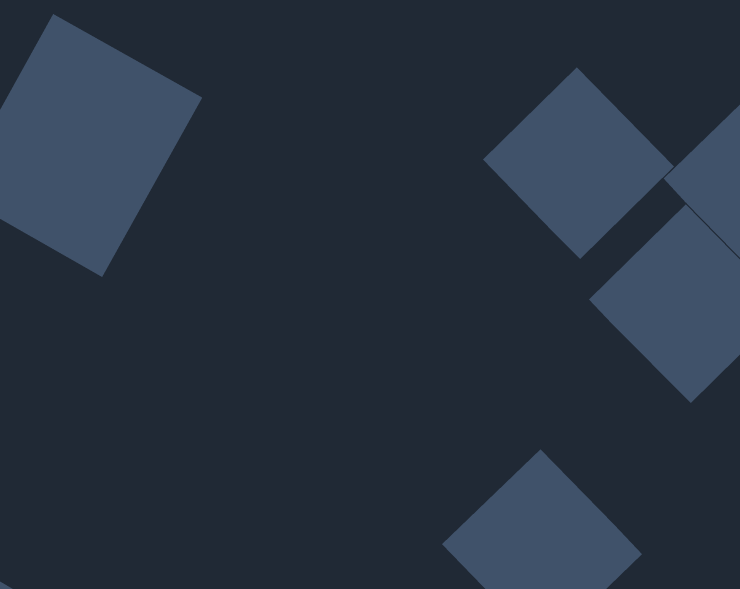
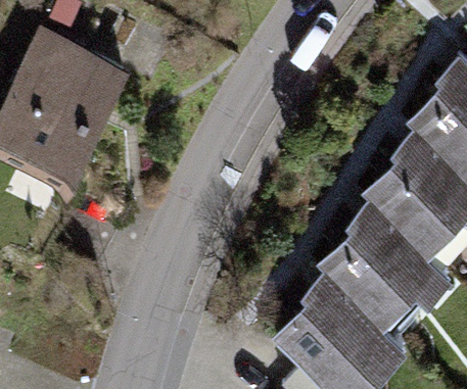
building: [482,66,675,260] -> none
building: none -> [319,213,443,337]

